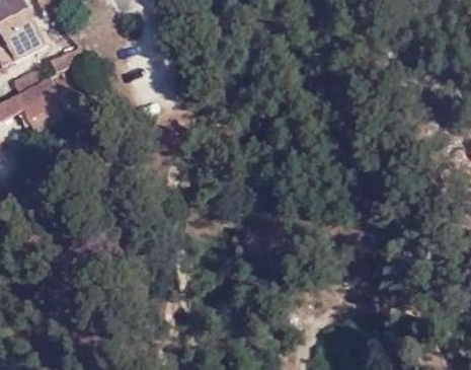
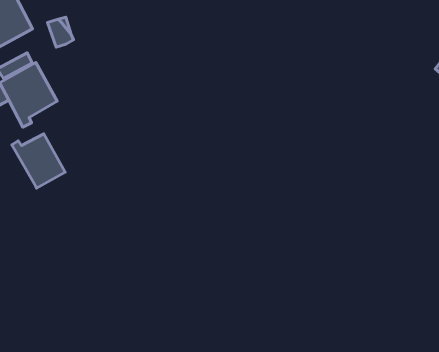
building: none -> [12,134,65,188]

